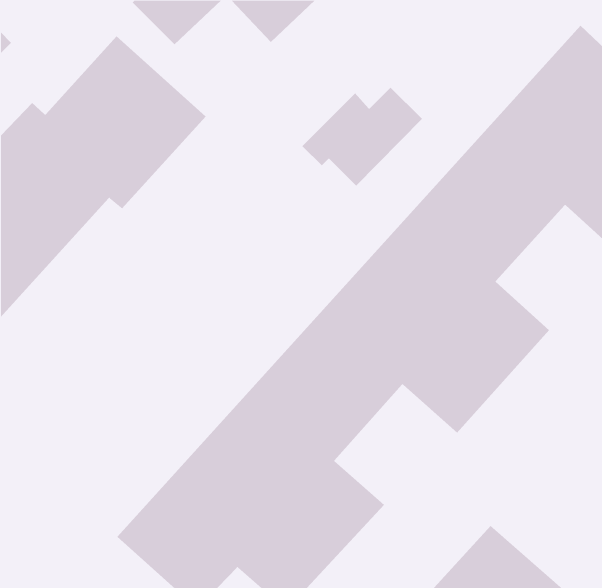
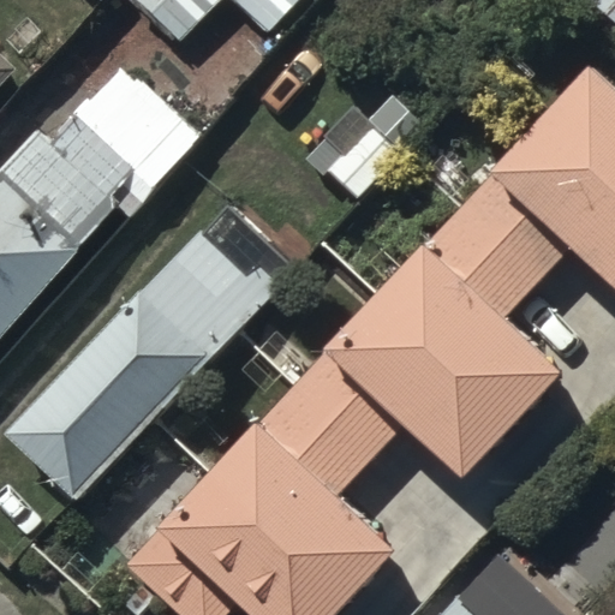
building: none -> [11,203,294,489]

